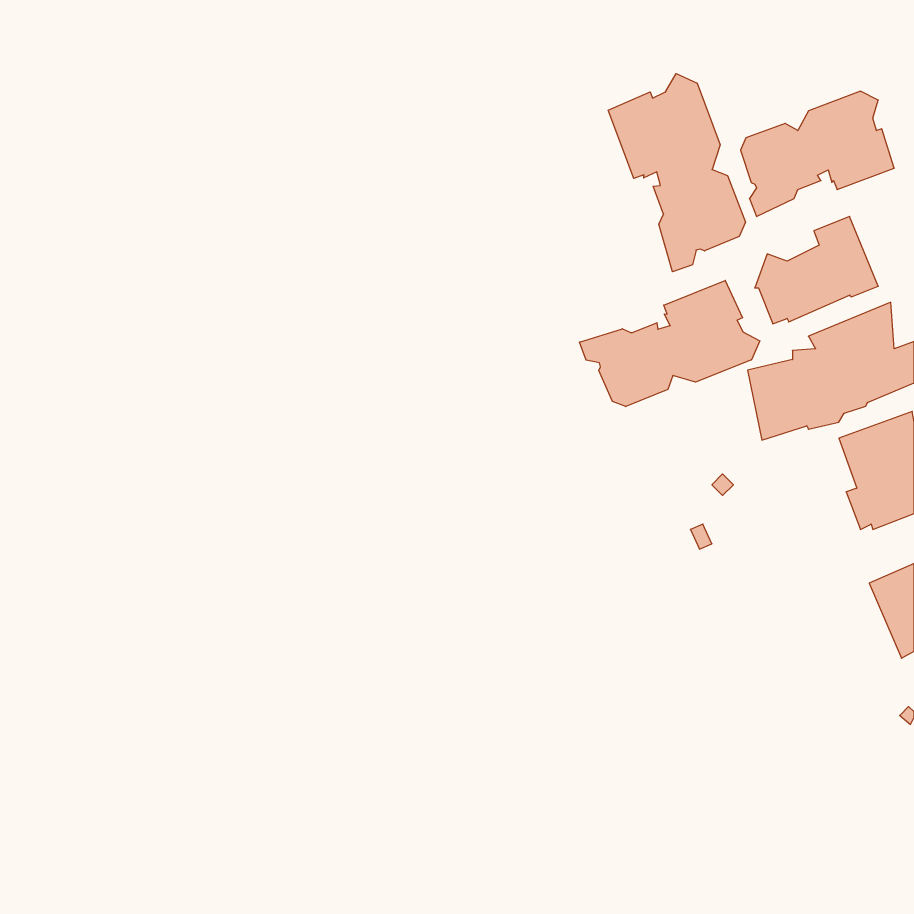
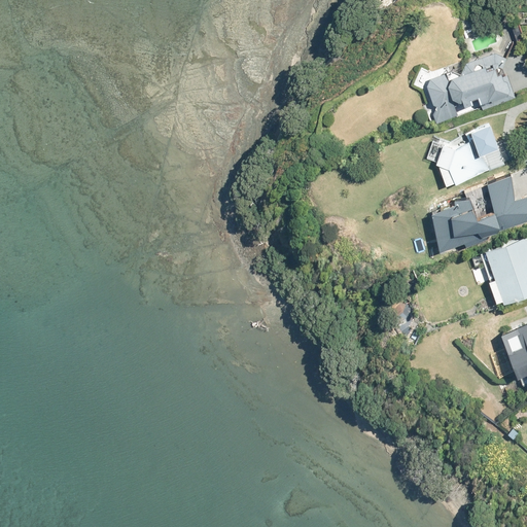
building: [608,74,745,272] -> none
building: [579,280,760,407] -> none

